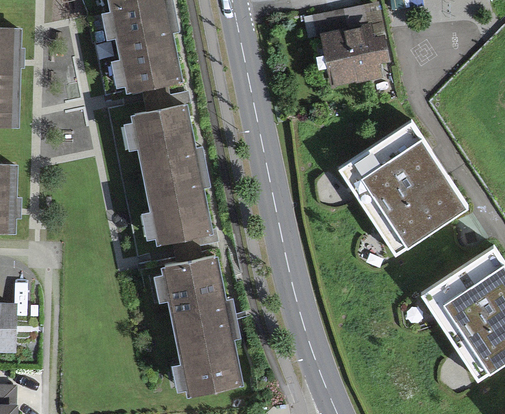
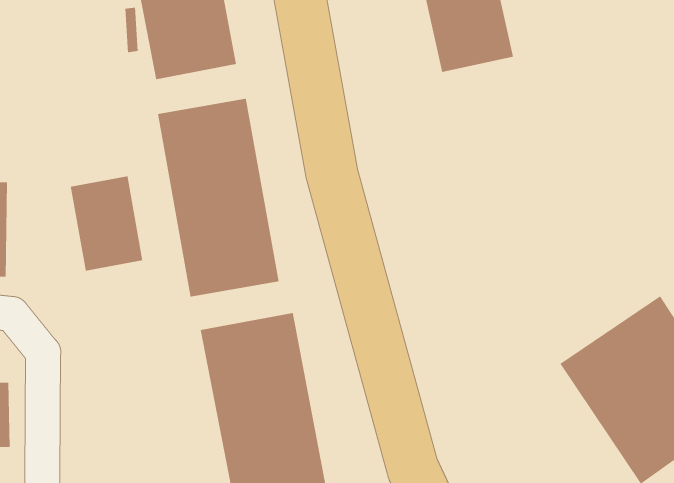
building: [331,120,459,252] -> none
building: none -> [70,176,143,272]

